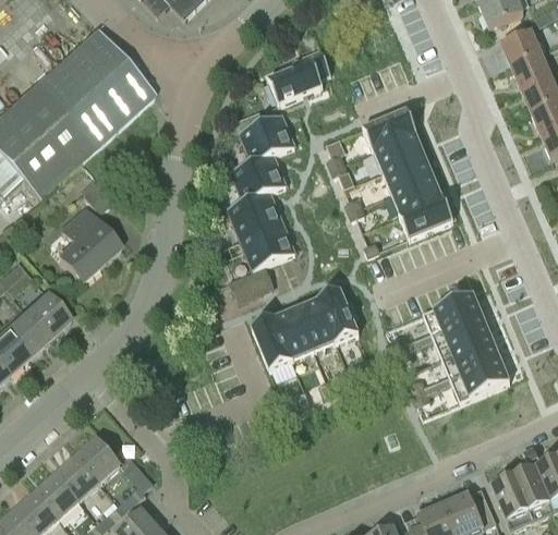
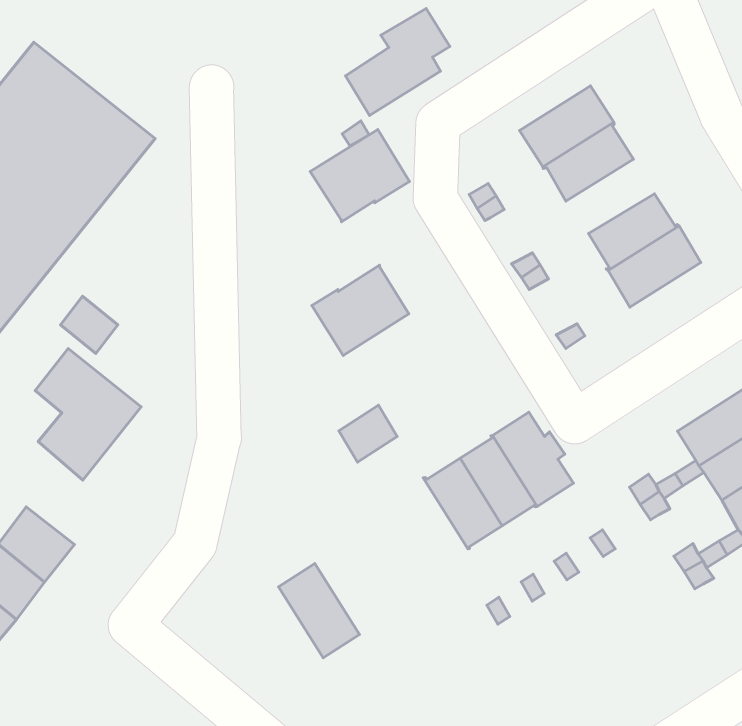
building: [230,153,286,200] -> none
building: [381,154,433,192] -> none
building: [240,220,294,268] -> none
building: [251,315,292,369] -> [279,564,359,658]

